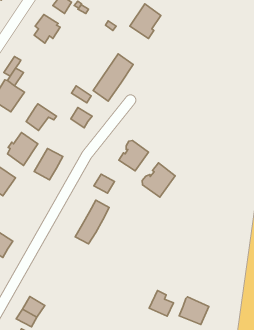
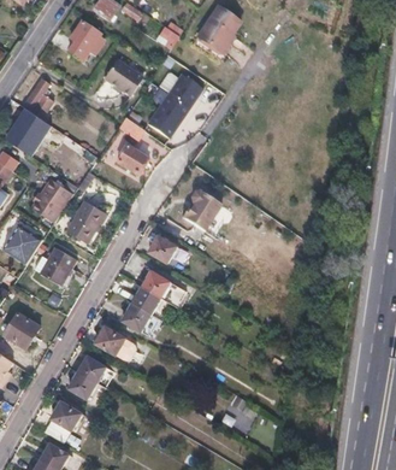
building: none -> [102,59,142,95]
building: [142,163,175,197] -> none
building: none -> [40,248,78,287]
building: none -> [95,325,135,359]
building: none -> [69,357,105,399]
building: [179,297,209,324] -> none

